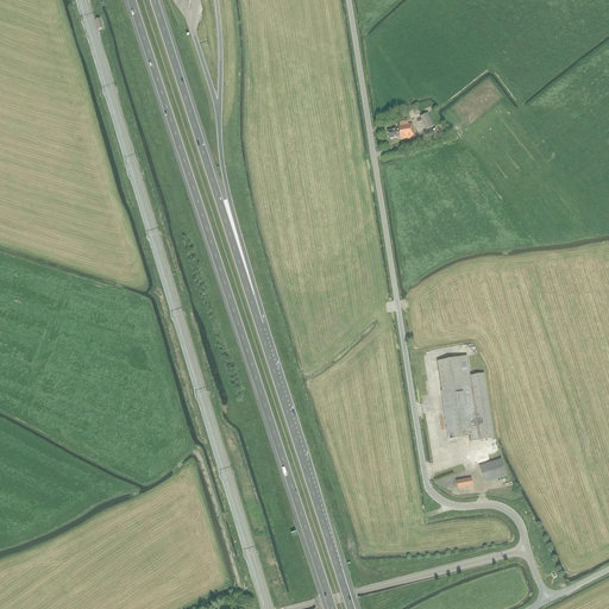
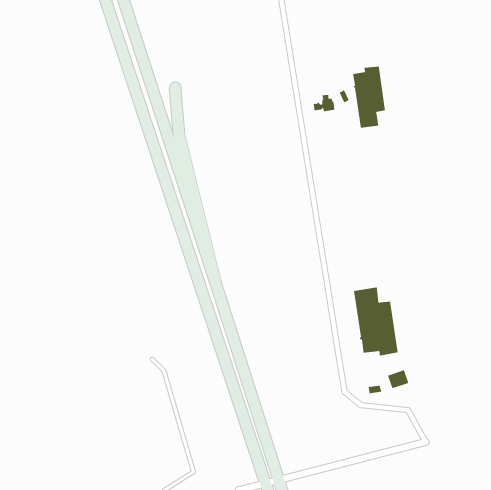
building: none -> [353,66,385,129]

